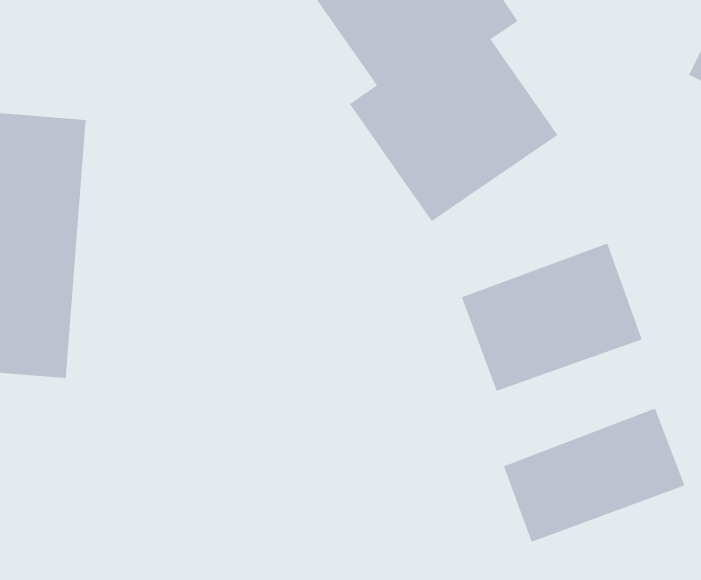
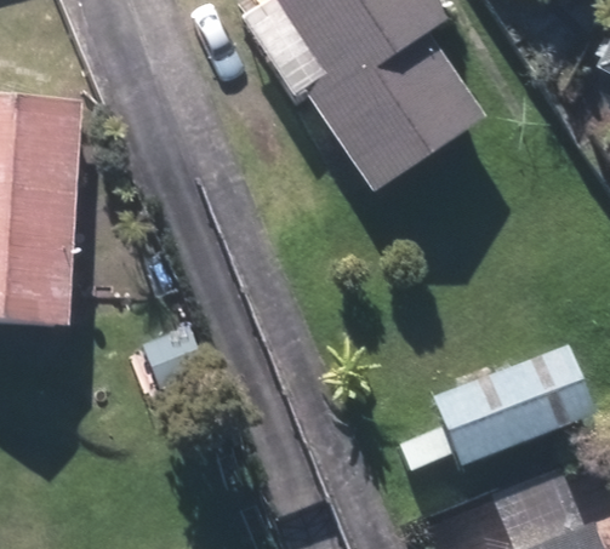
building: [461,242,643,392] -> none

